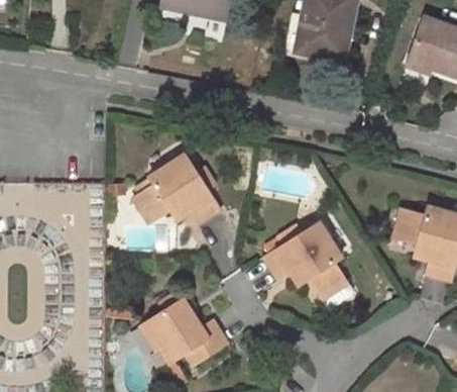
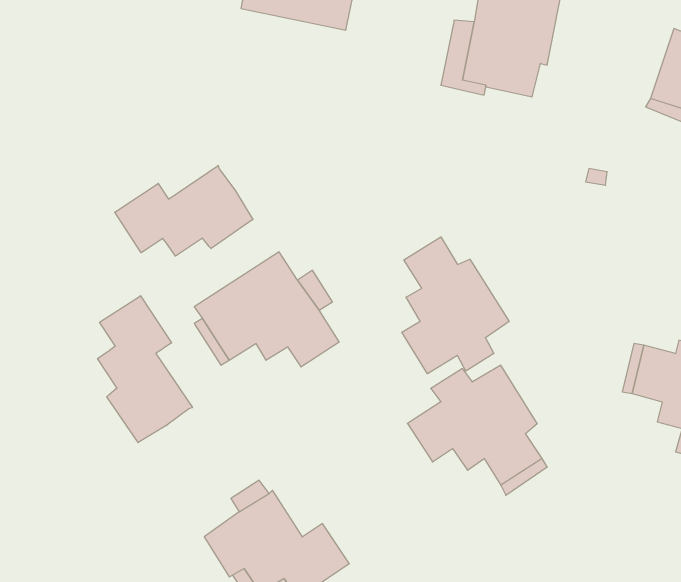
building: none -> [115,165,253,256]
building: none -> [402,237,509,374]
building: none -> [98,296,192,443]

